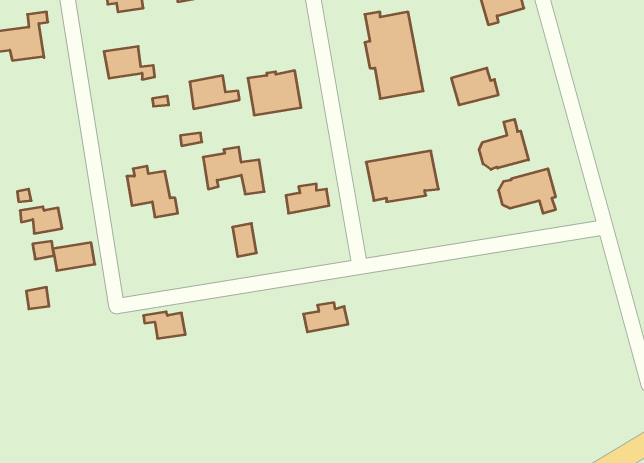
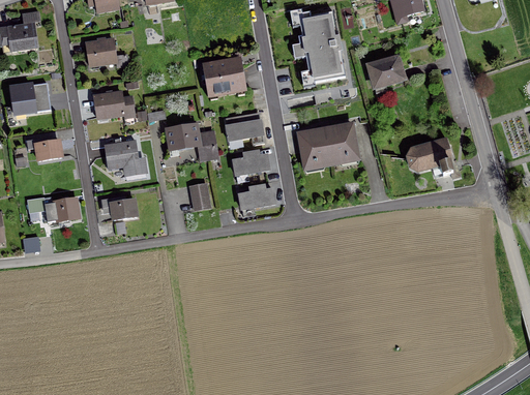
building: [190,76,239,109] -> [93,91,134,118]
building: none -> [10,82,50,114]
building: [479,119,529,170] -> none
building: none -> [226,116,264,145]
building: [20,207,62,233] -> [26,139,60,160]
building: [303,303,348,332] -> [238,185,274,209]
building: [143,312,185,338] -> [101,198,136,219]

